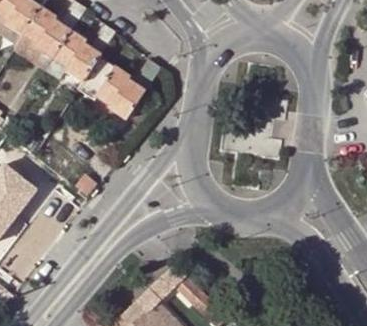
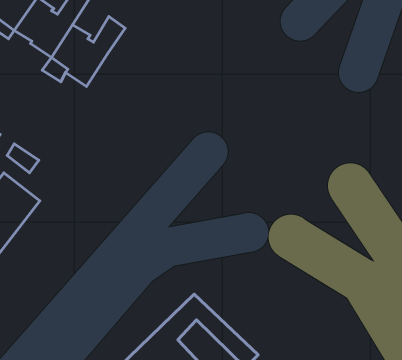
building: [77,57,160,121] -> none

